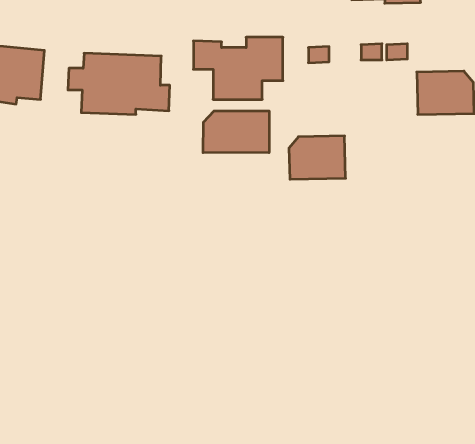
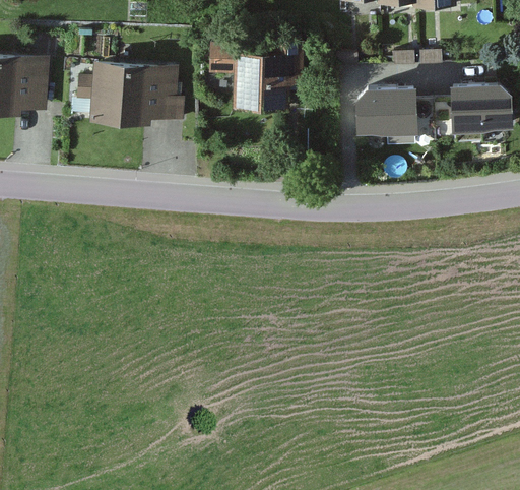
building: [203,111,269,153] -> none
building: [289,136,346,179] -> [354,83,415,130]

